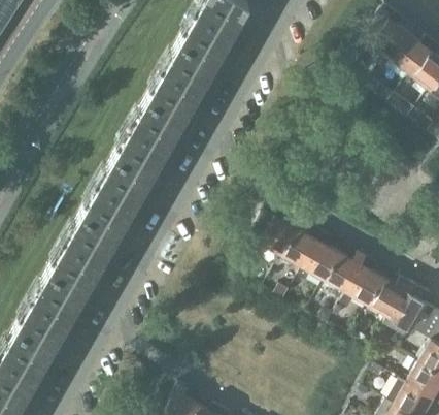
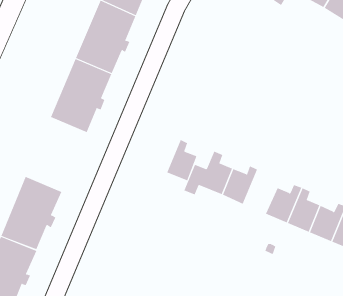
building: [87,157,156,235] -> none
building: none -> [167,139,197,181]
building: [308,236,345,283] -> none

